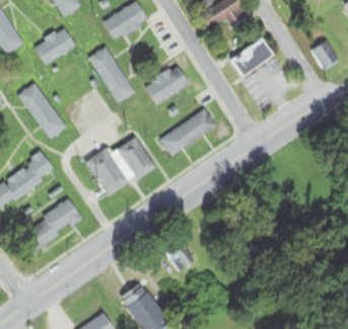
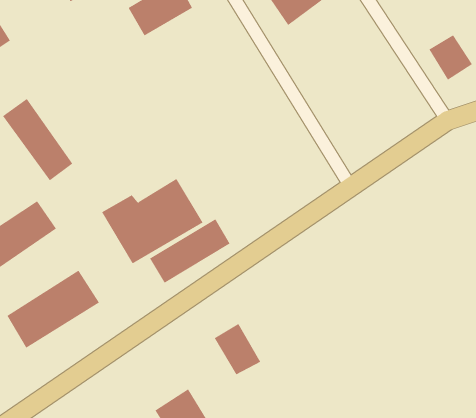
building: [33,26,76,64] -> none
building: [231,37,275,76] -> none
building: [88,46,132,98] -> none
building: [143,65,187,104] -> none
building: [159,109,215,154] -> [149,218,231,284]

